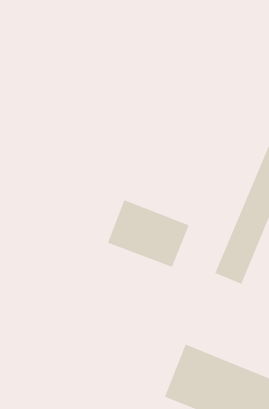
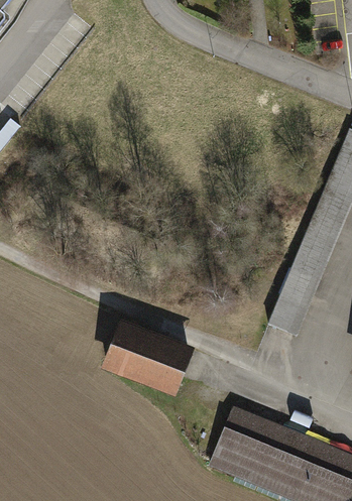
building: [107,200,189,268] -> [101,319,195,396]

